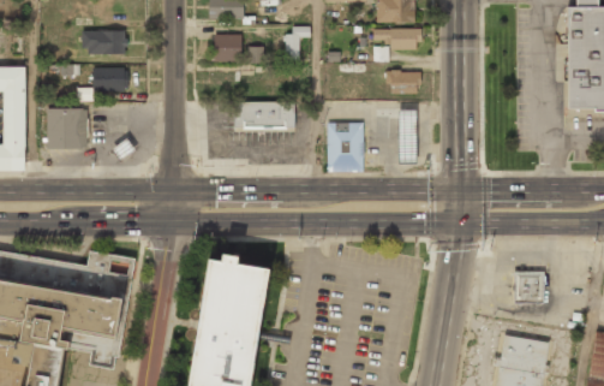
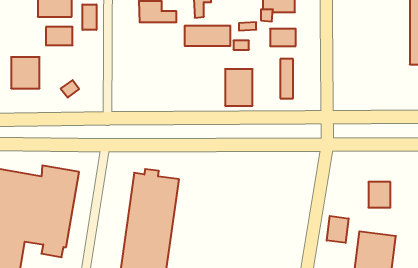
building: none -> [82,4,96,30]
building: [234,102,294,129] -> [185,26,230,46]
building: none -> [327,216,349,243]

